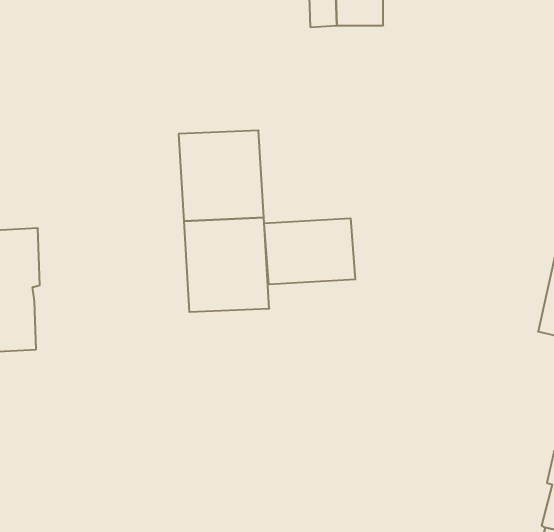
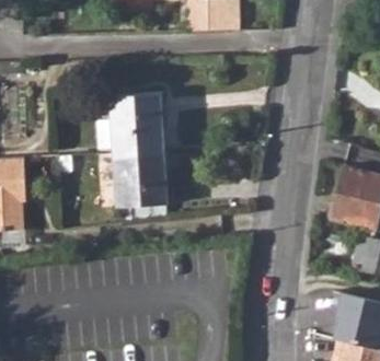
building: [264,218,355,284] -> none

